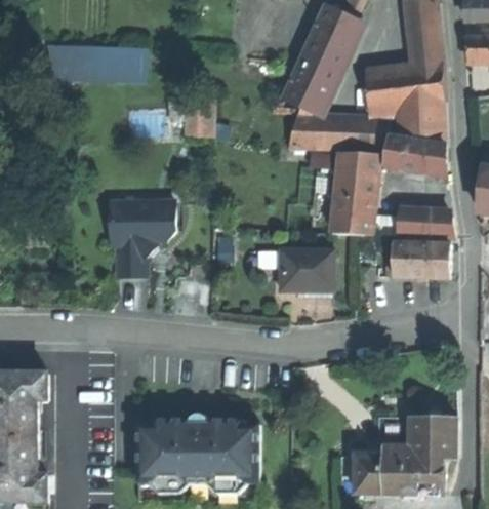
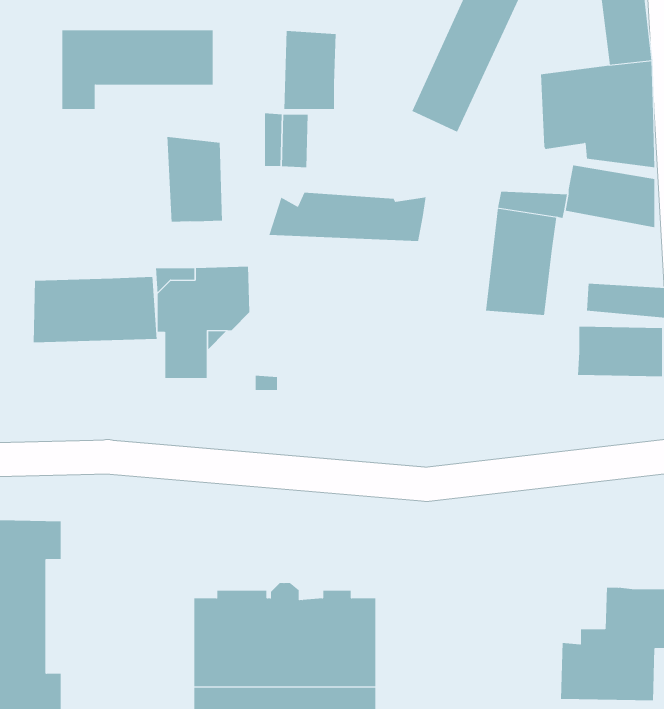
building: none -> [284,30,336,110]
building: none -> [167,136,222,223]
building: [285,117,391,150] -> [268,192,426,241]
building: none -> [33,276,157,343]
building: [279,248,333,289] -> none
building: [355,453,381,491] -> none

